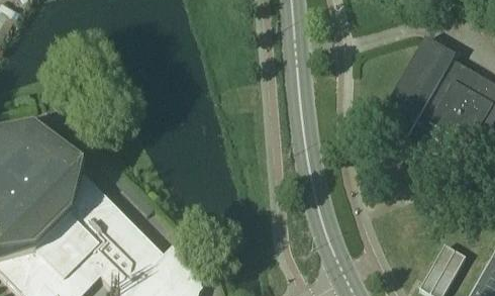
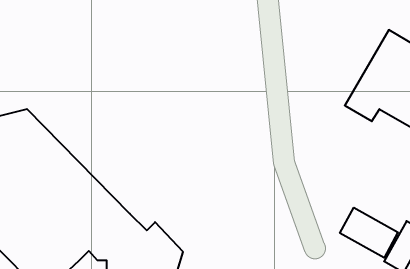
building: none -> [340,208,398,258]

